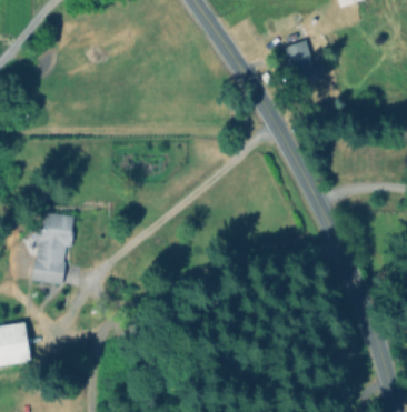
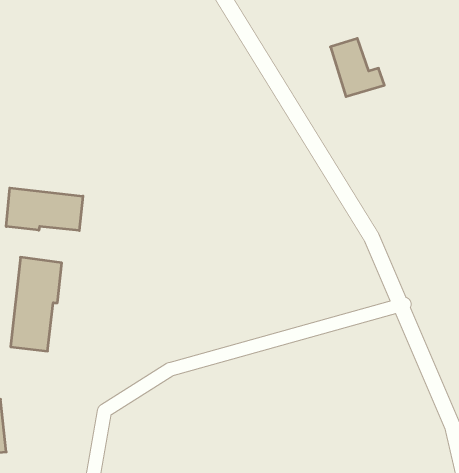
building: none -> [6,188,83,231]

